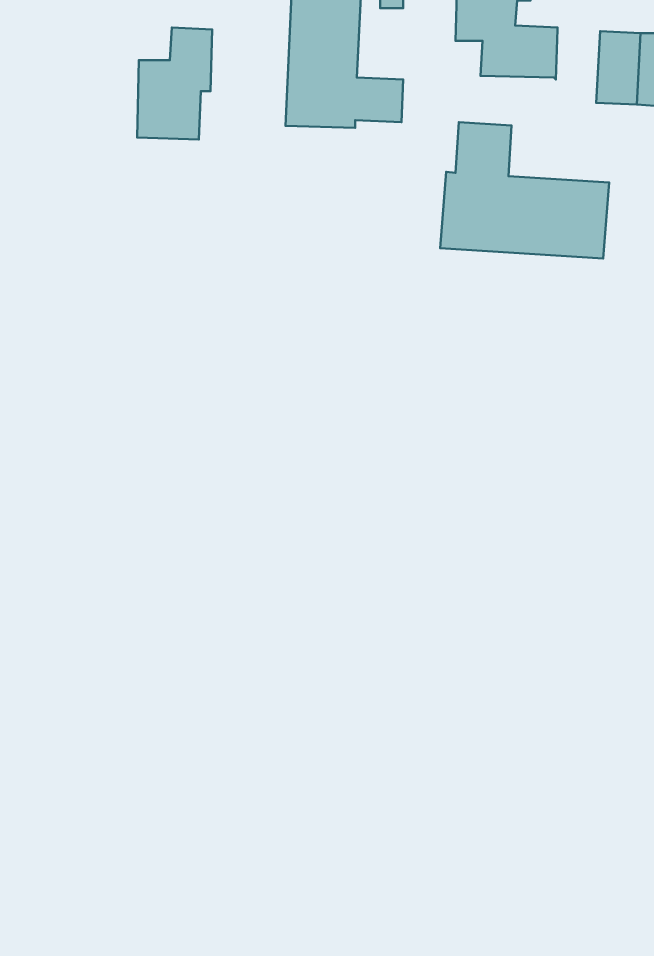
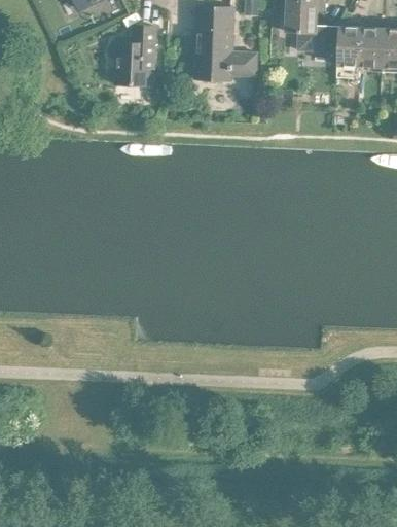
building: none -> [336,25,362,65]
building: [440,122,609,259] -> none

